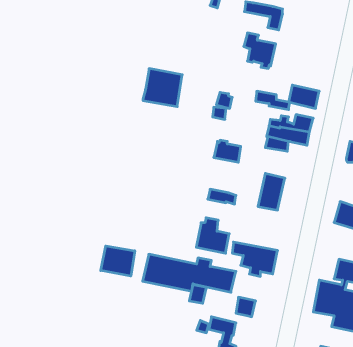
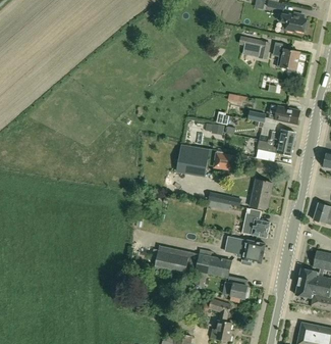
building: [244,33,276,68] -> [273,43,299,72]
building: [143,69,182,107] -> [176,145,209,177]
building: [196,218,229,253] -> [242,208,270,238]
building: [101,246,135,276] -> none

